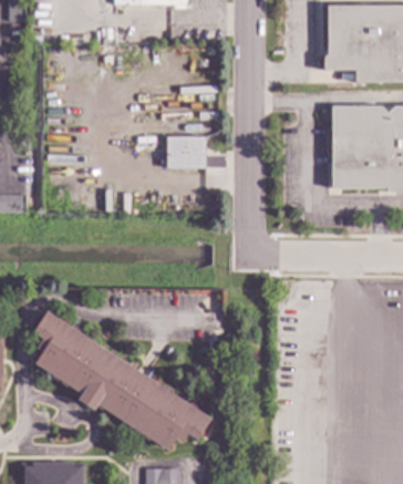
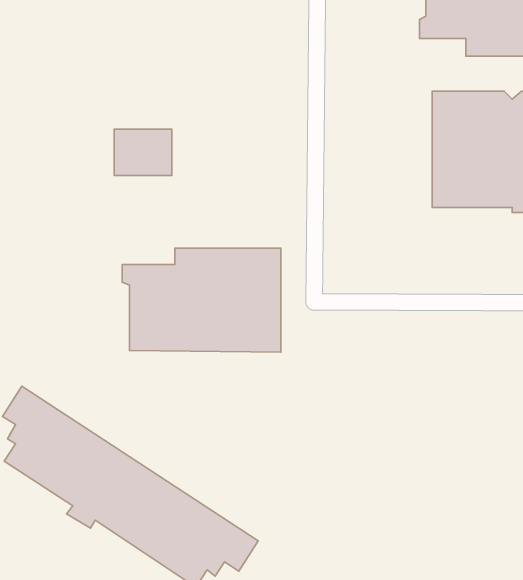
building: [166,136,206,168] -> [114,129,172,175]
building: none -> [122,248,281,352]

